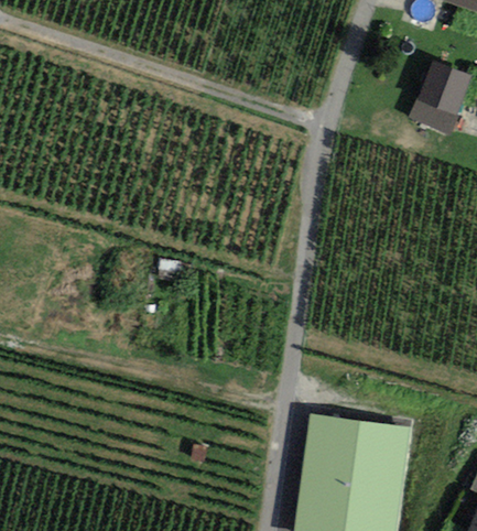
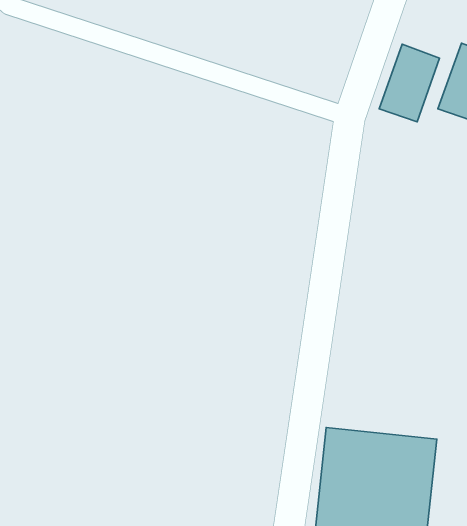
building: none -> [379,44,440,122]

